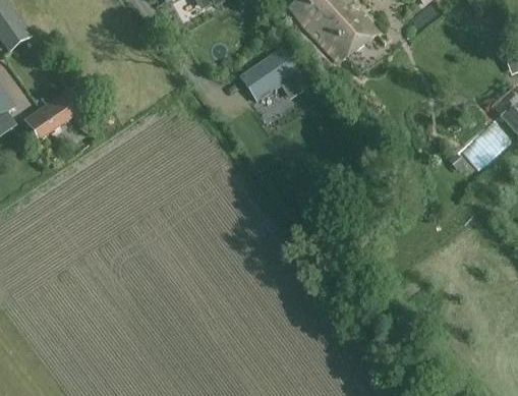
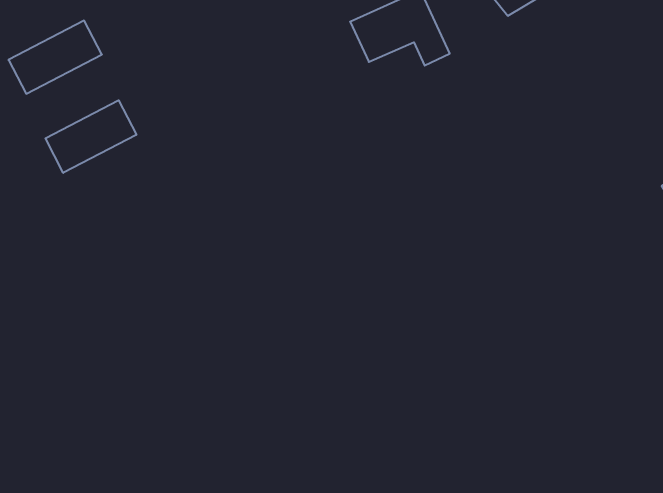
building: none -> [45,100,136,173]

